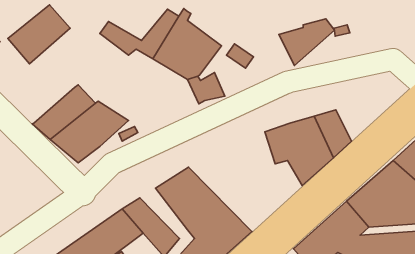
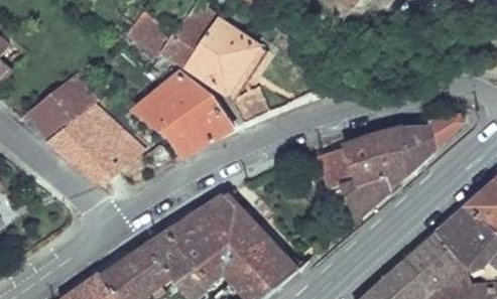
building: [8,5,70,64] -> [23,77,96,145]
building: [279,19,334,66] -> [399,112,464,166]
building: none -> [133,80,234,156]
building: none -> [171,220,227,279]

